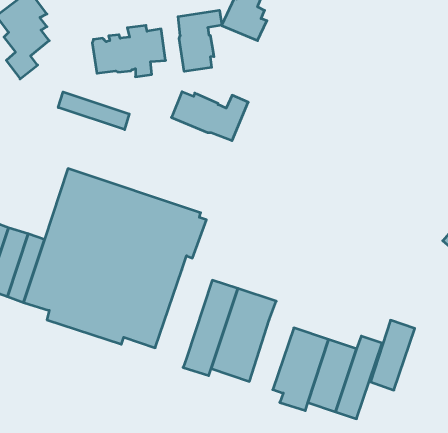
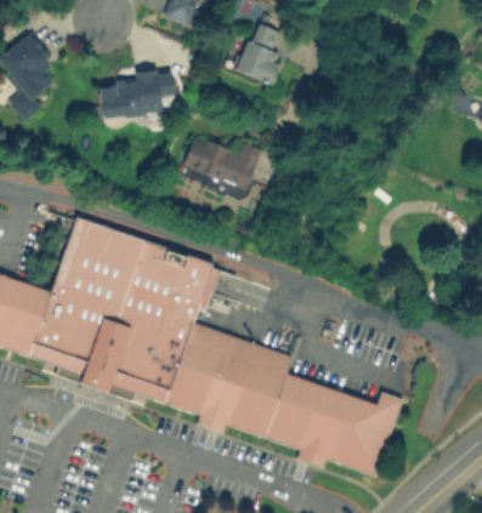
building: [178,10,222,71] -> none
building: [58,92,129,130] -> none
building: none -> [165,323,225,415]
building: [371,320,415,390] -> [263,375,310,448]

